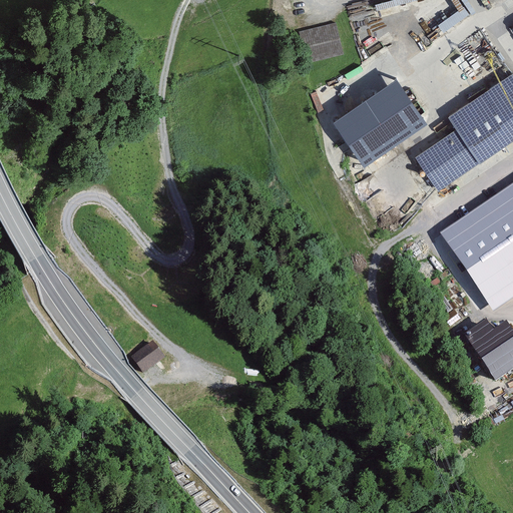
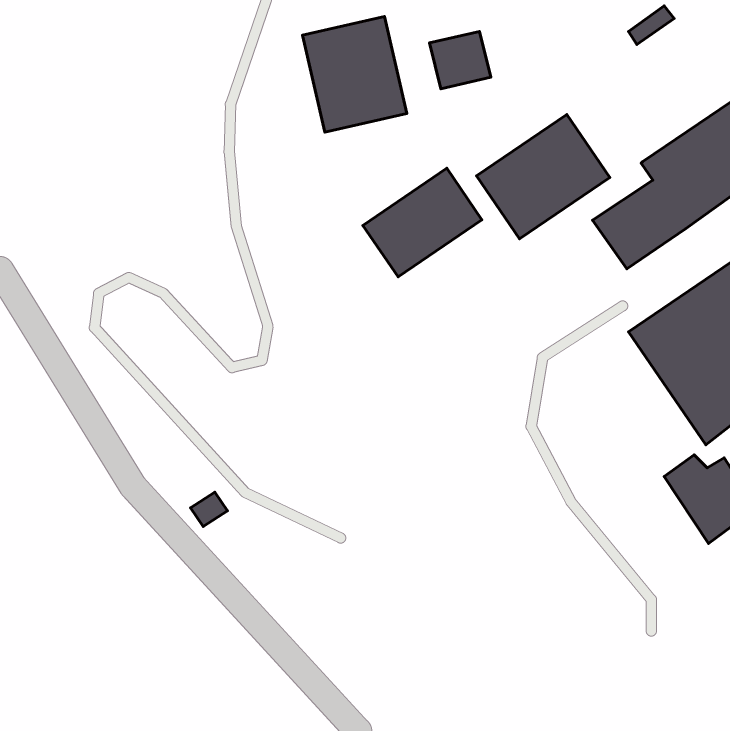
building: none -> [303,16,407,132]
building: none -> [363,168,482,277]

